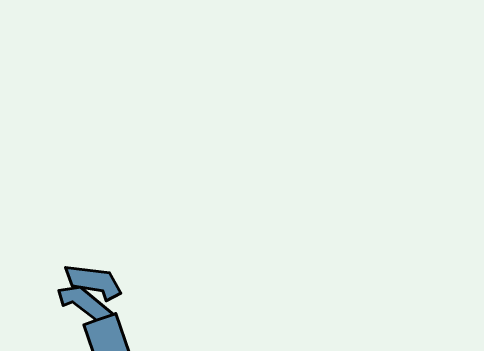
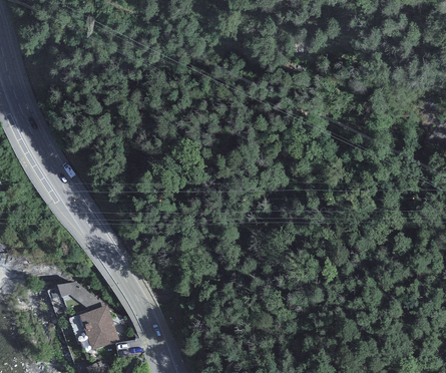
building: [65,267,121,301] -> none

